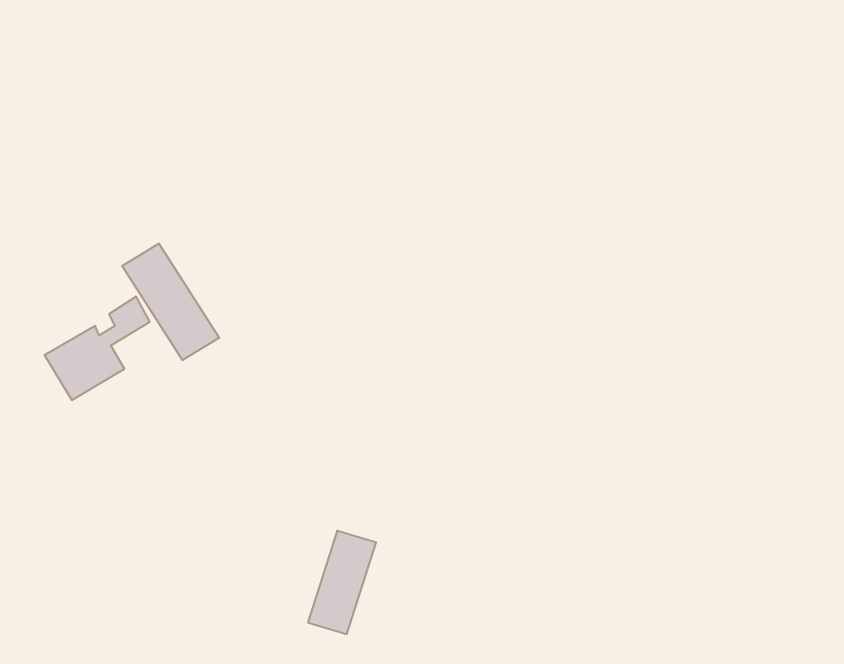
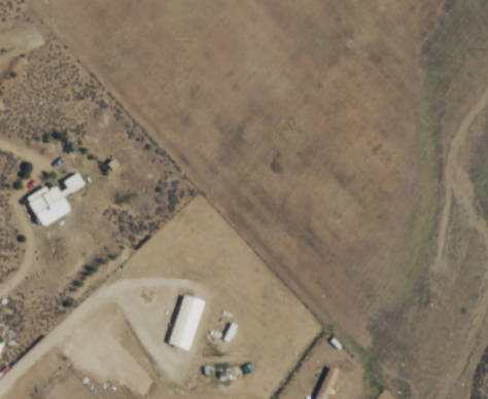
building: [122,243,219,360] -> none

